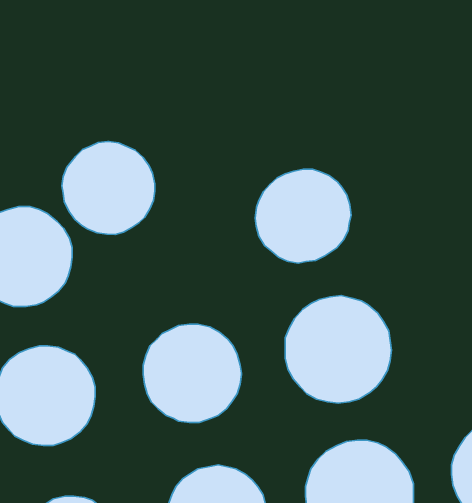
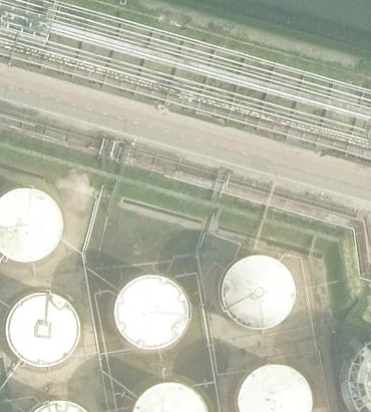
building: [62,142,155,234] -> none
building: [255,169,351,263] -> none

